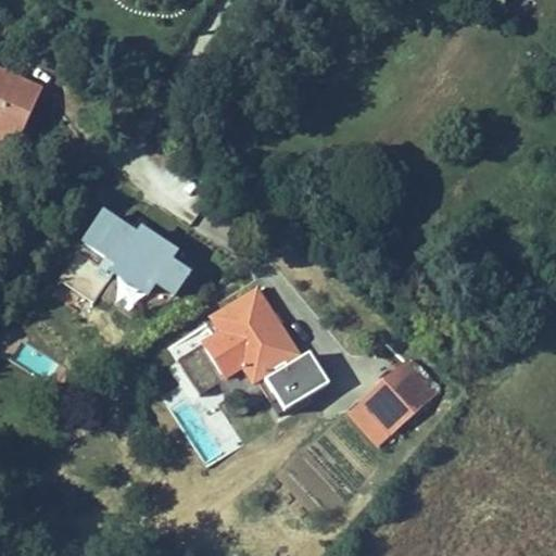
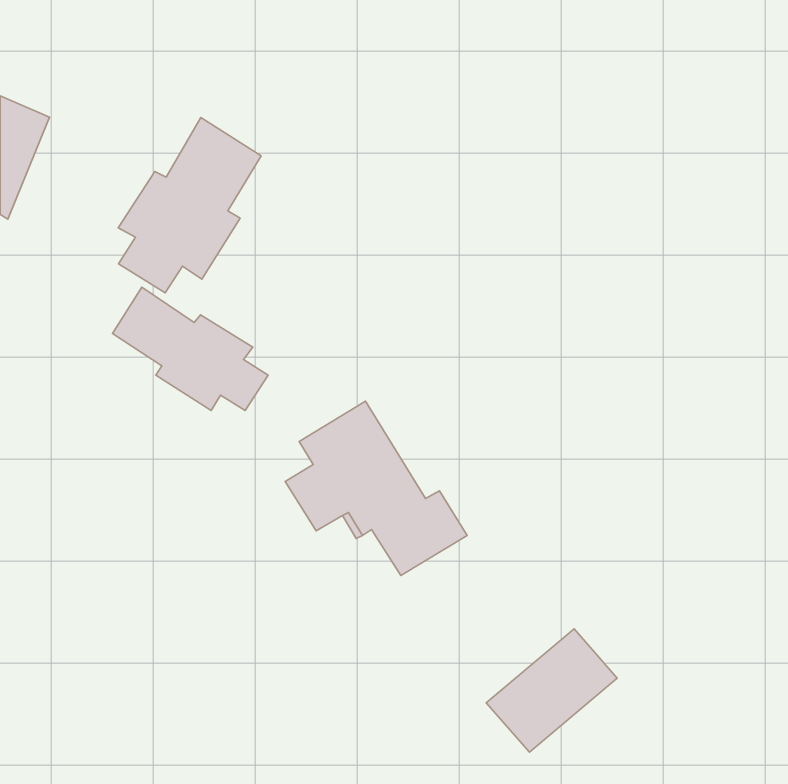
building: none -> [118,118,261,293]
building: [345,363,438,450] -> [486,629,617,752]

